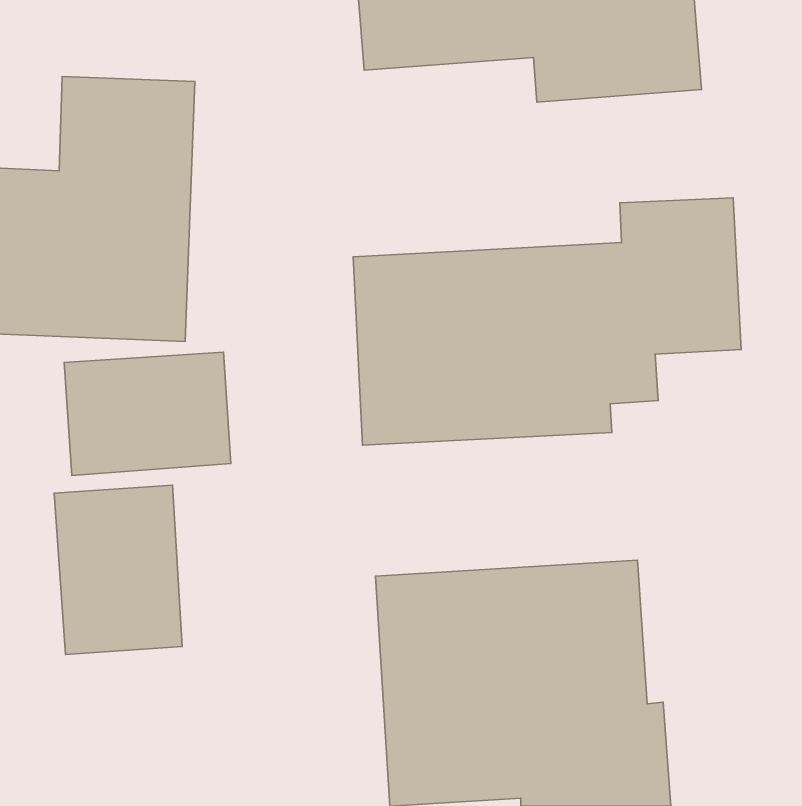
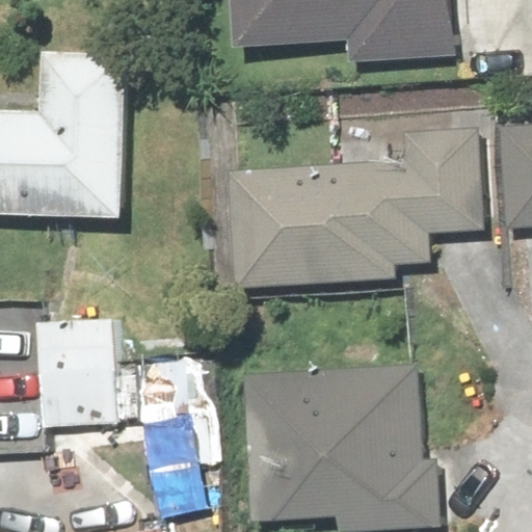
building: [64,352,231,475] -> none

